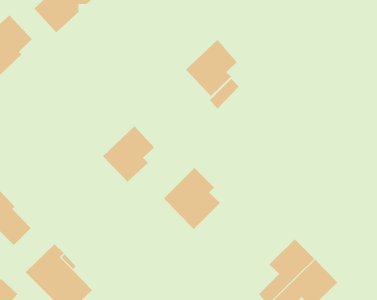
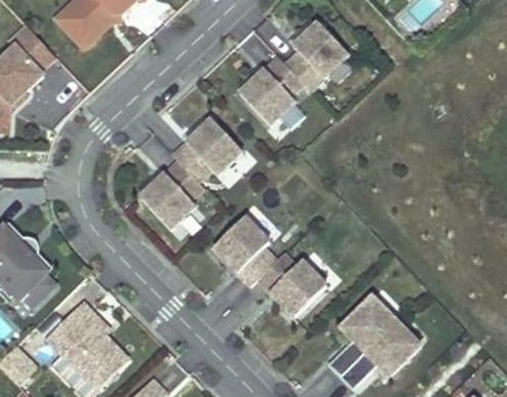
building: none -> [285,22,348,90]
building: none -> [172,118,241,182]
building: none -> [257,246,333,317]

